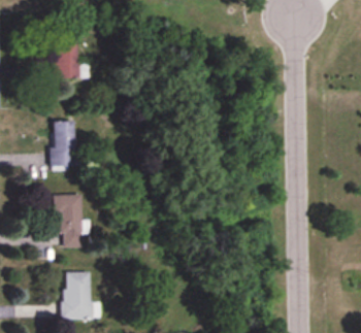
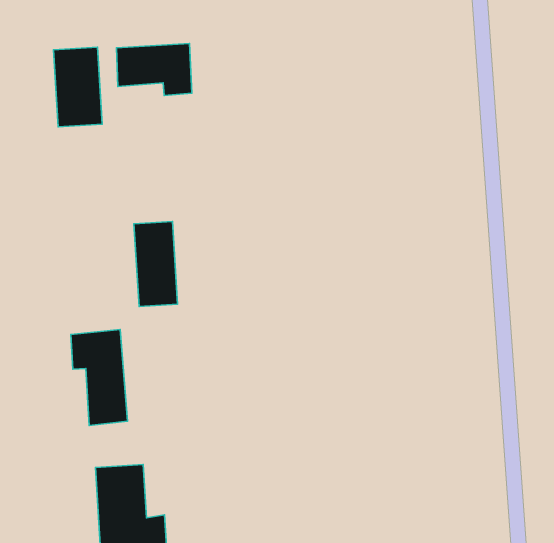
building: none -> [116,43,192,96]
building: [52,122,73,168] -> [134,221,178,306]

